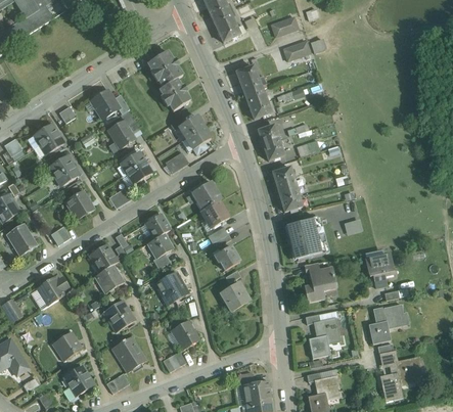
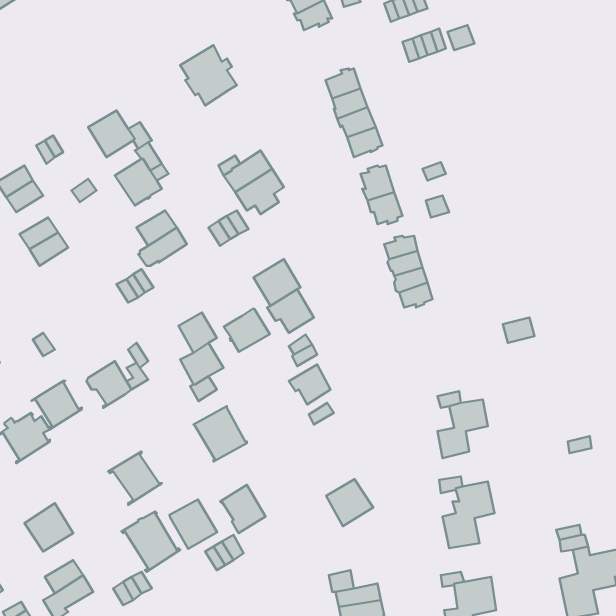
building: [160,78,190,110] -> none
building: [64,189,95,219] -> none
building: none -> [224,309,270,352]
building: [287,216,326,260] -> none
building: [366,253,394,287] -> none
building: [94,264,125,293] -> [32,381,82,429]
building: [221,282,250,311] -> [326,479,373,526]
building: [368,304,407,344] -> none
building: none -> [169,500,217,549]

